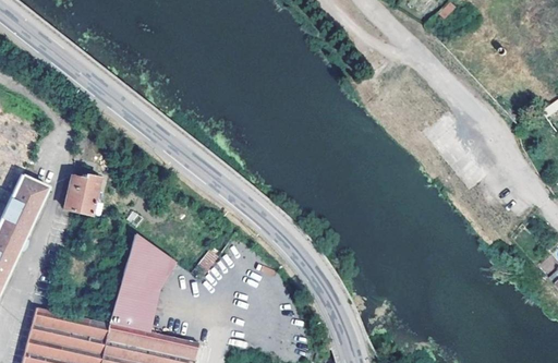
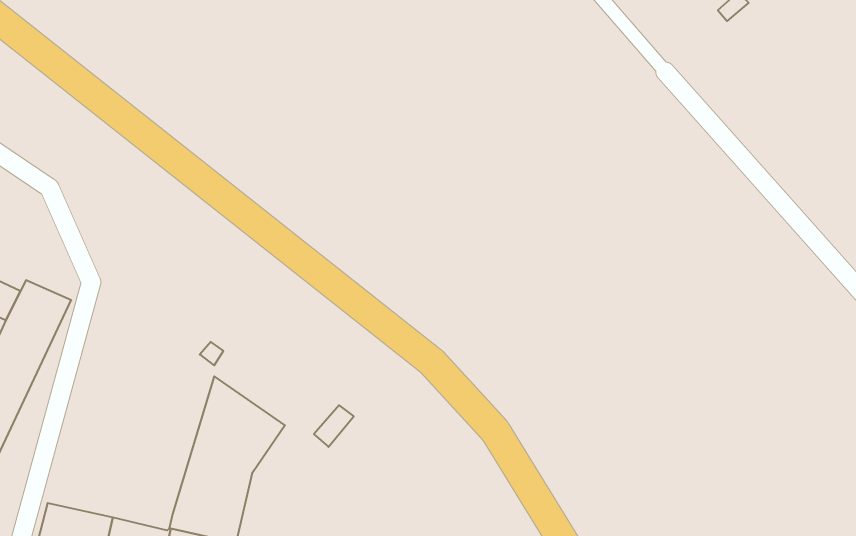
building: [62,174,101,215] -> none

